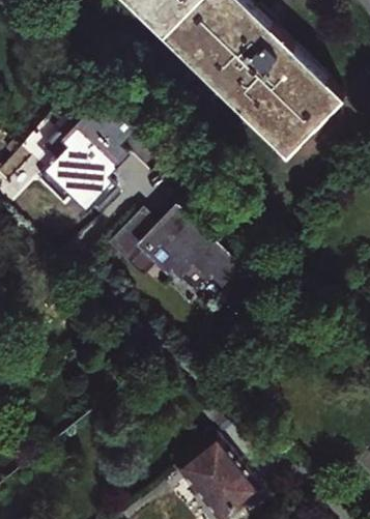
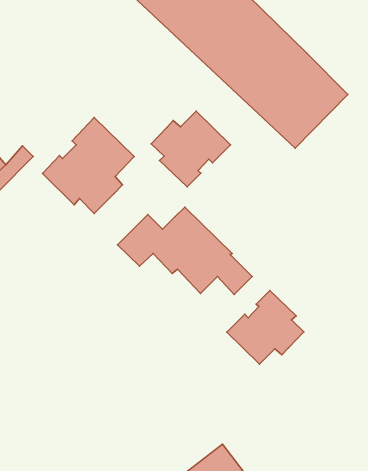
building: none -> [151,111,230,187]
building: none -> [227,290,304,364]

